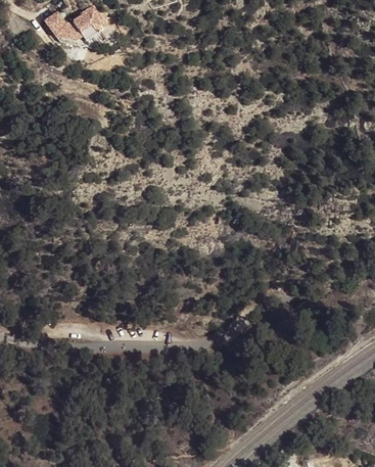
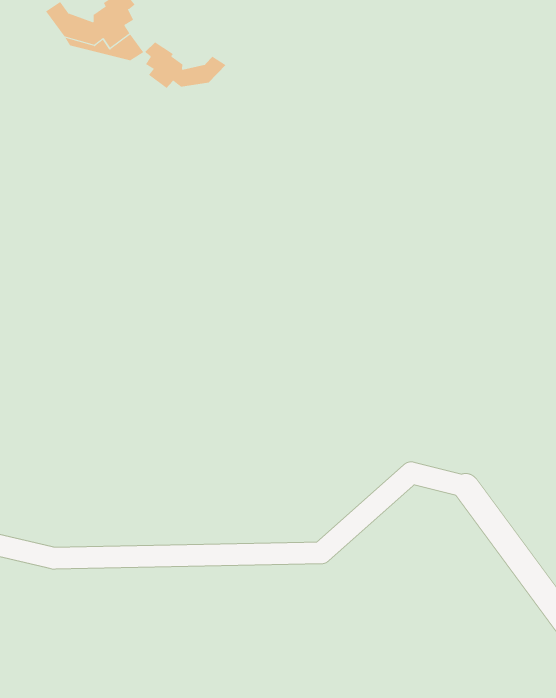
building: none -> [144,41,226,89]

